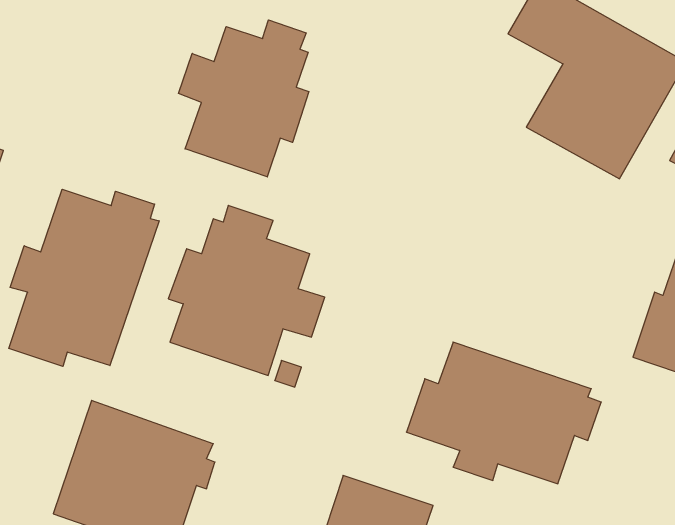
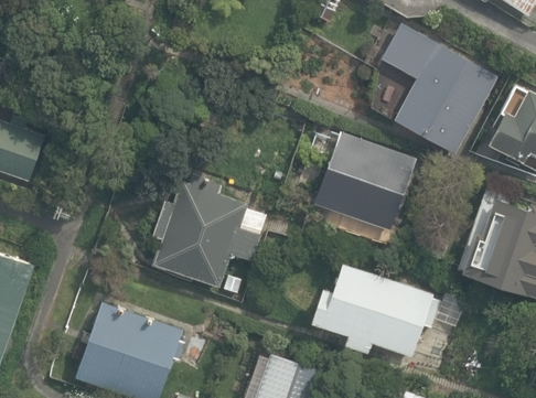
building: [179,20,309,177] -> none
building: none -> [311,128,418,233]
building: [9,189,159,366] -> none

